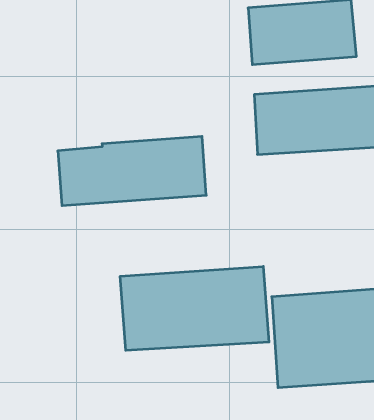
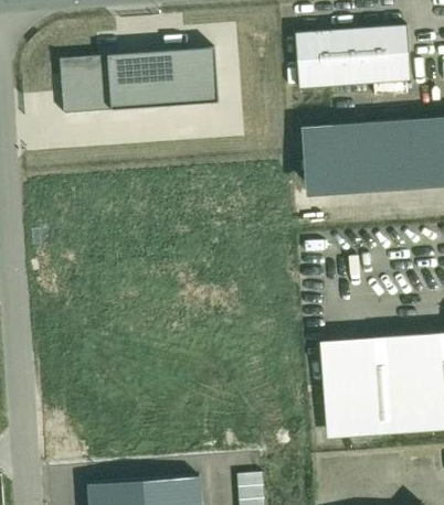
building: [58,136,206,206] -> [59,45,218,119]
building: [120,266,269,350] -> none

